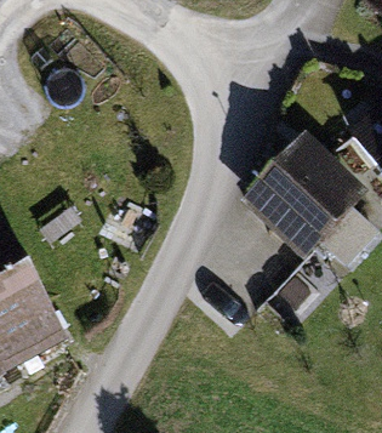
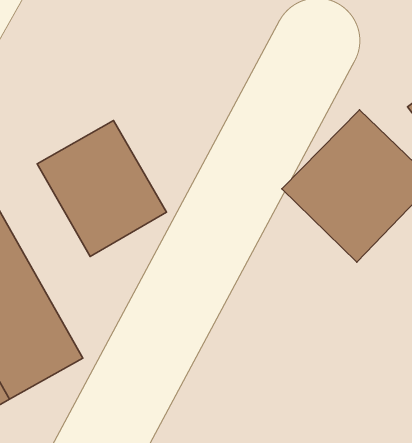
building: none -> [37,120,167,257]

